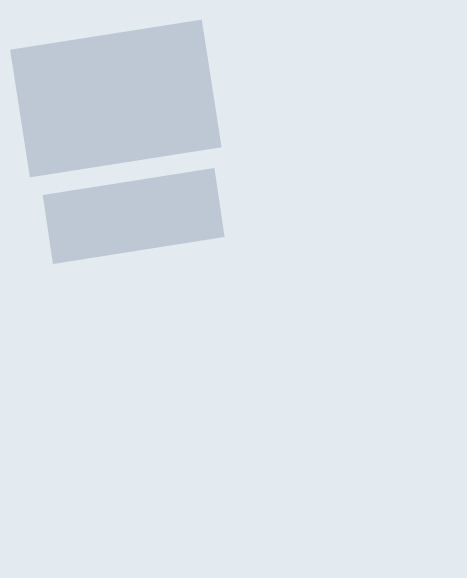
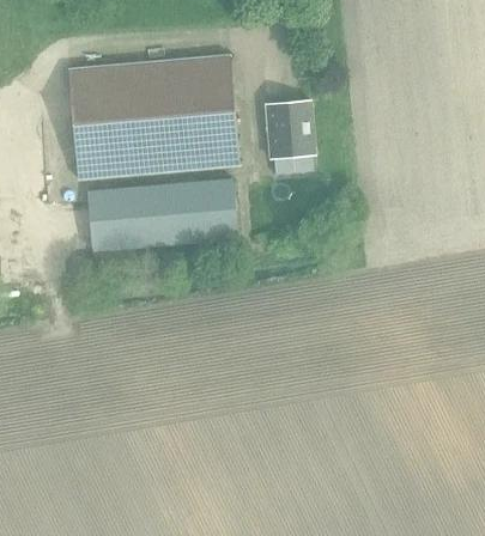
building: none -> [266,99,315,158]

